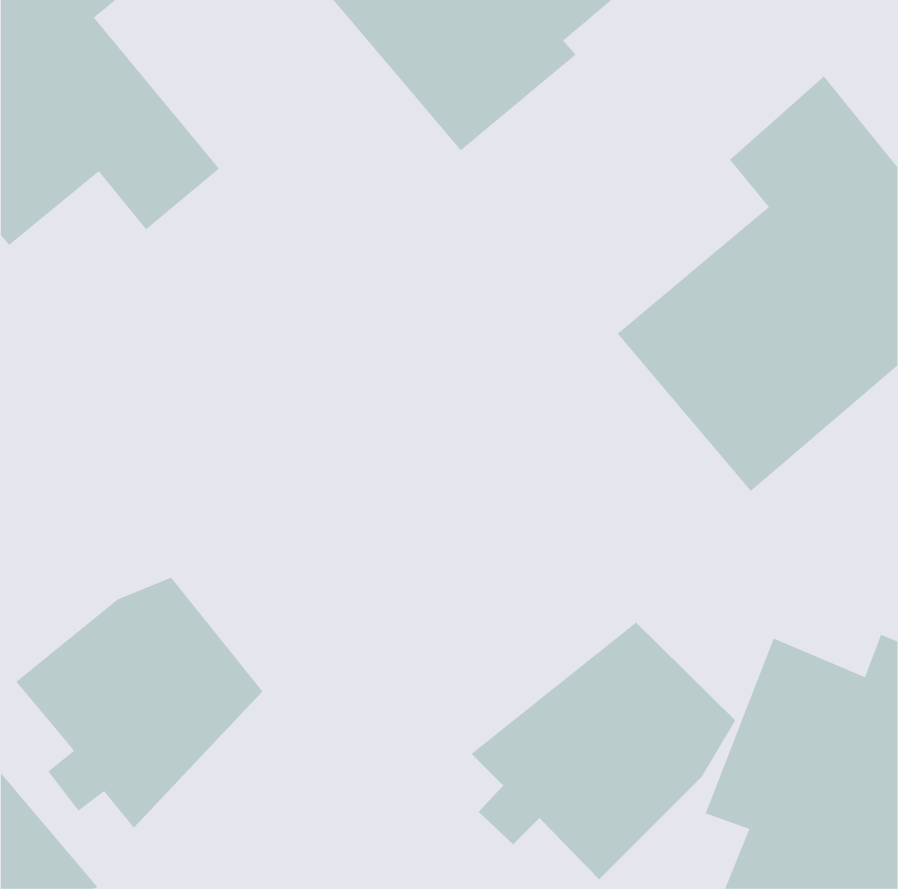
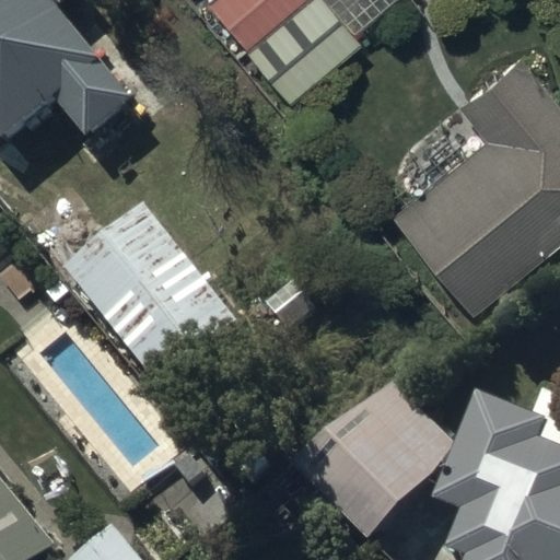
building: none -> [69,210,243,390]
building: [16,577,263,828] -> none

